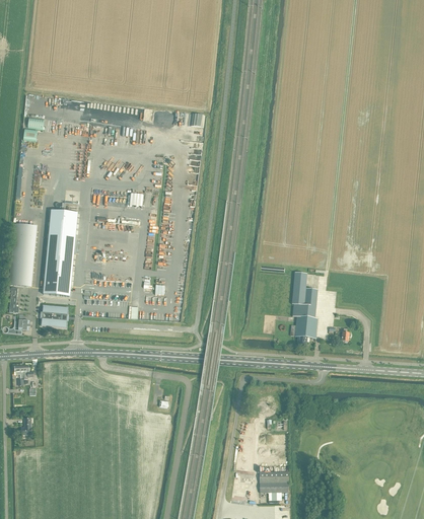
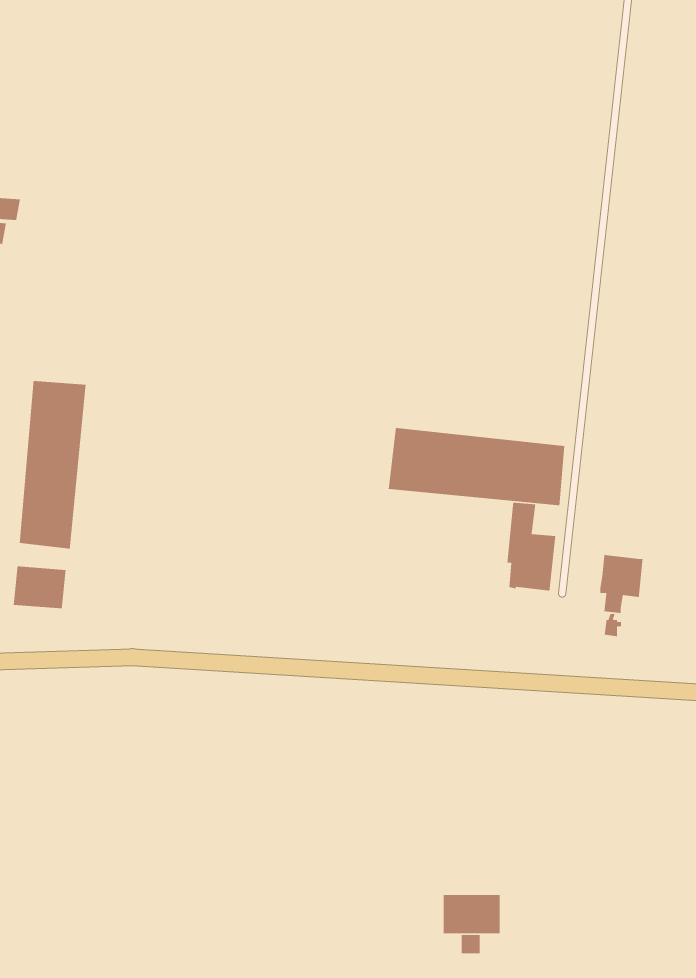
building: none -> [388,427,565,506]
building: [294,315,316,346] -> [600,554,643,614]

